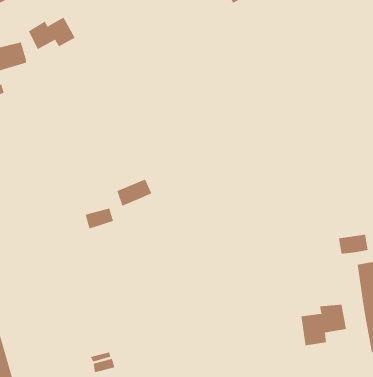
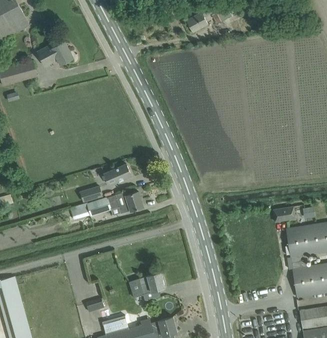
building: none -> [86,191,142,215]
building: [301,304,347,346] -> none
building: none -> [137,272,164,293]

